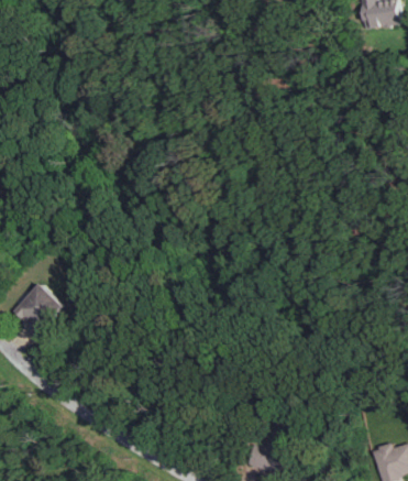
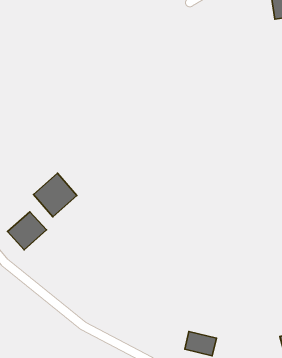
building: none -> [34,173,77,217]

